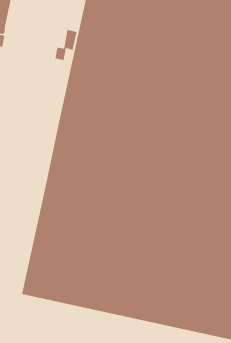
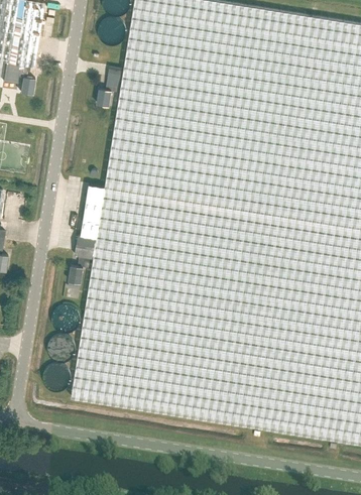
building: none -> [68,183,105,289]

